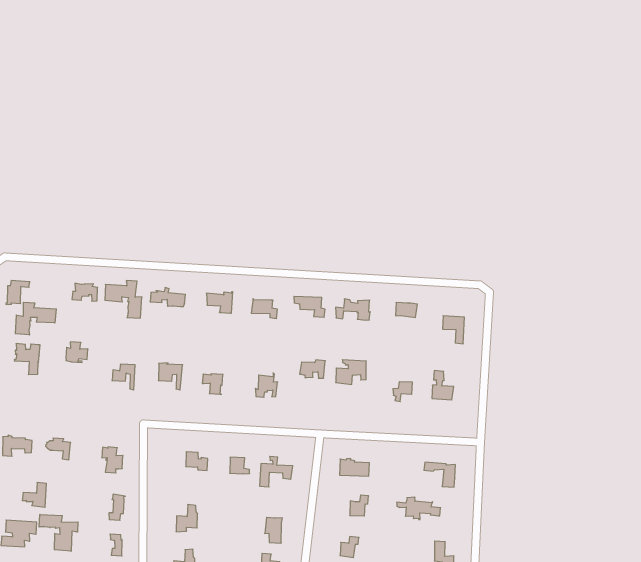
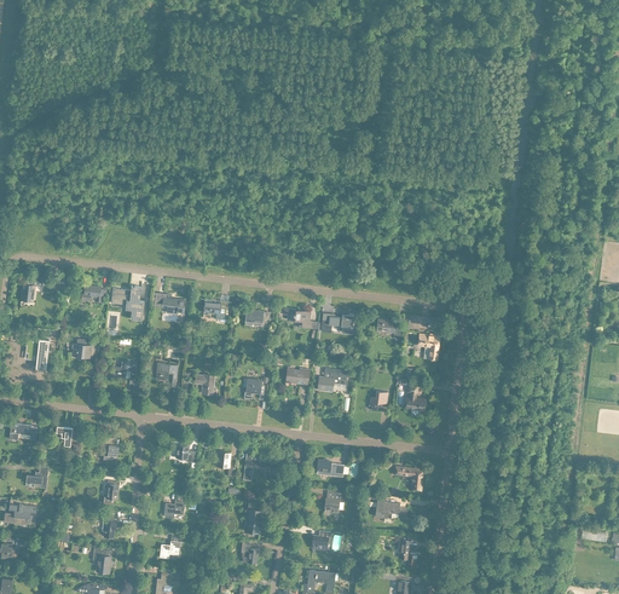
building: [15,302,56,335] -> none
building: [39,514,78,551] -> none

